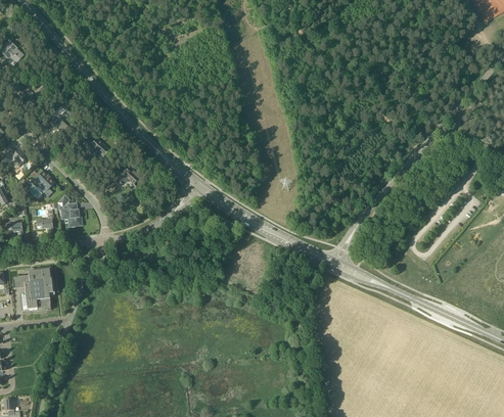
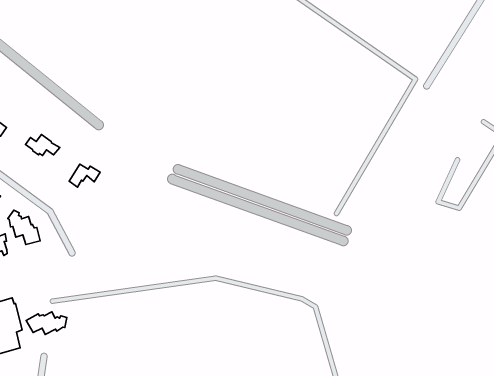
building: none -> [26,312,67,335]

